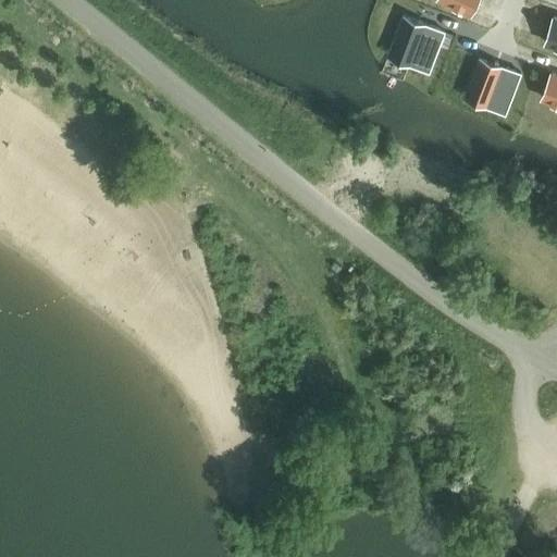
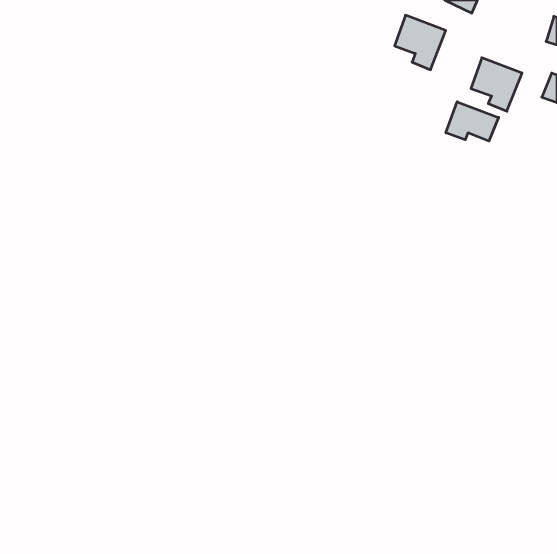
building: none -> [446,102,499,141]

